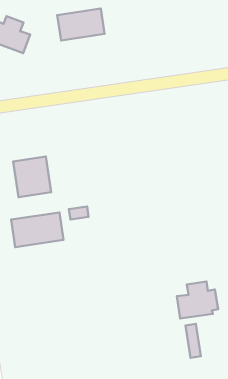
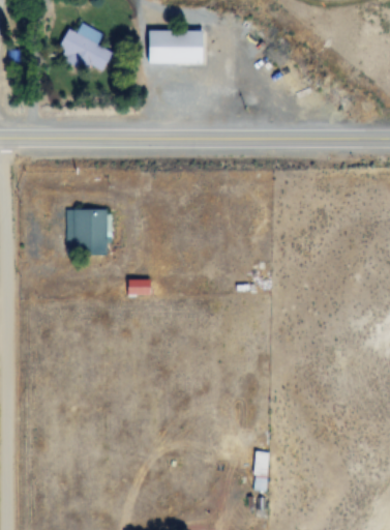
building: [11,212,64,247] -> none
building: [177,282,218,319] -> none

